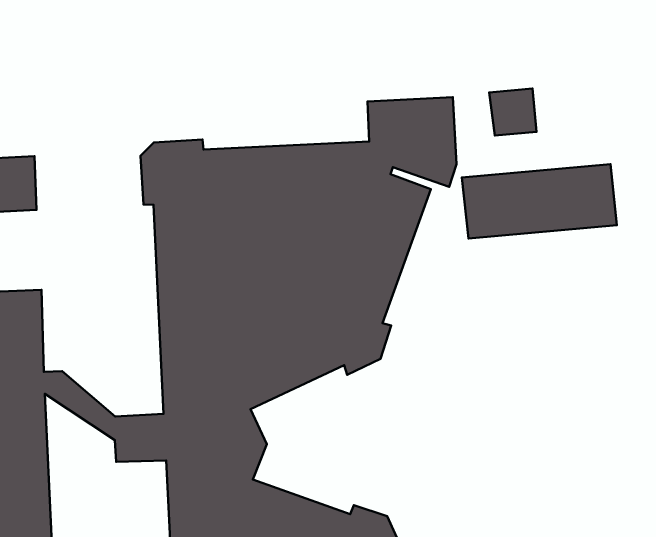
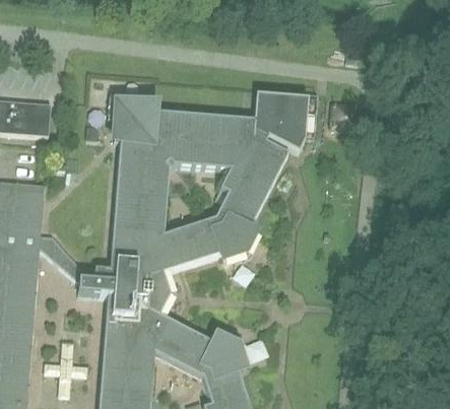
building: [462,164,617,238] -> none

